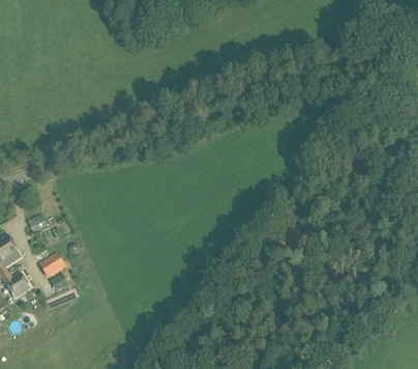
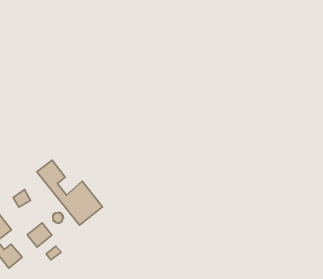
building: none -> [37,160,102,225]

